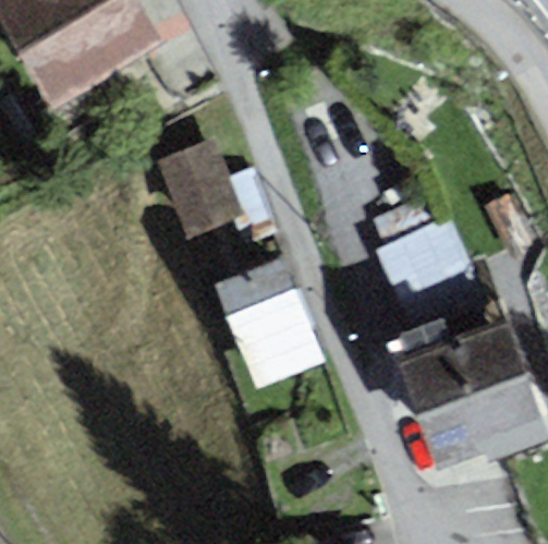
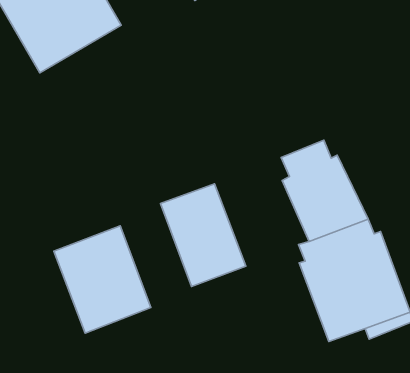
building: [155,138,277,246] -> none
building: none -> [54,226,151,333]

